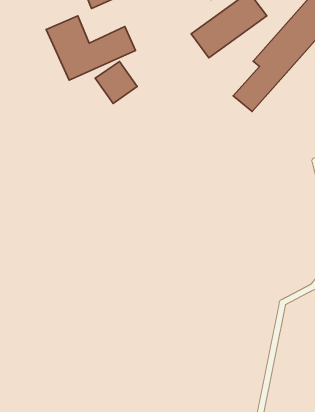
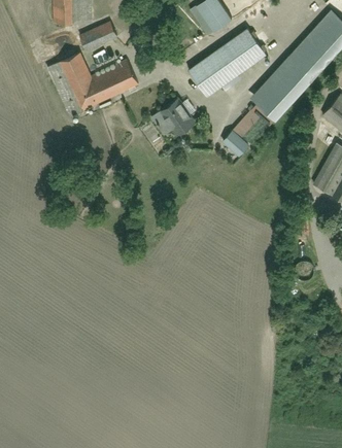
building: [95,61,137,103] -> [153,101,195,142]

